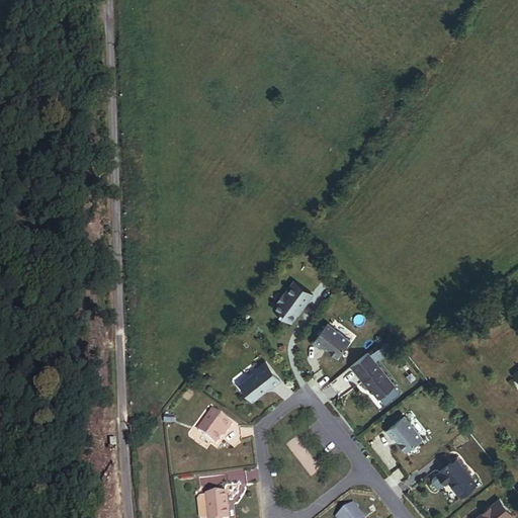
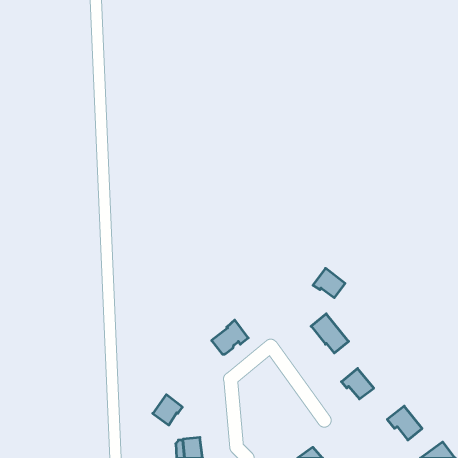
building: [274,281,313,323] -> none
building: [313,324,349,357] -> [313,268,345,298]
building: [198,411,232,445] -> [153,395,182,425]

